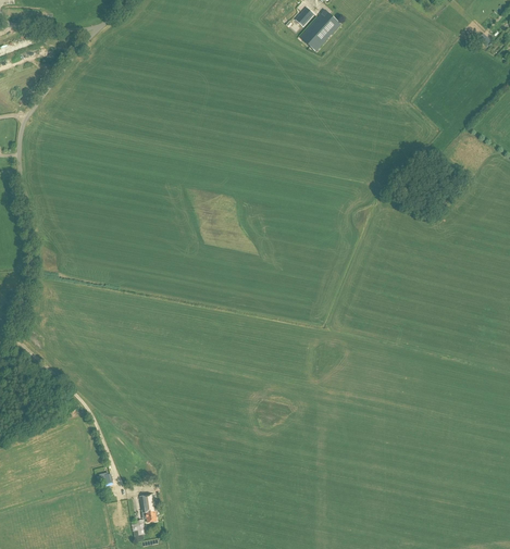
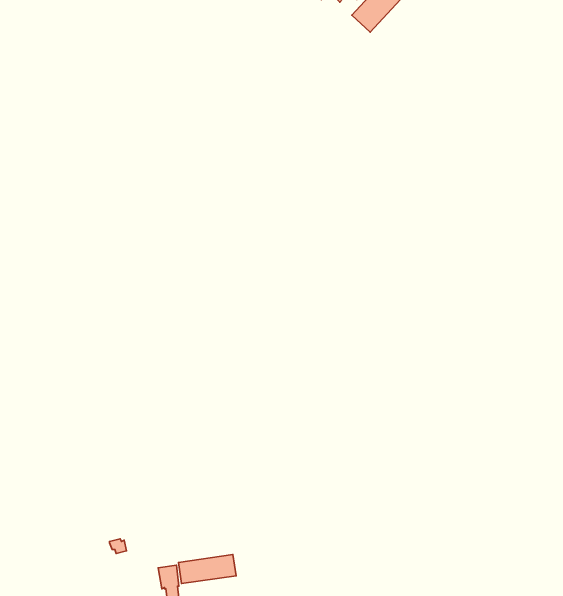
building: none -> [178,555,236,584]

